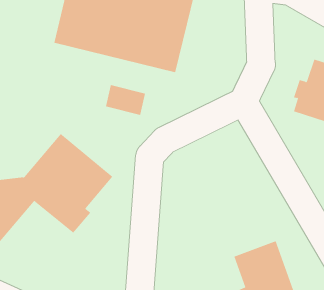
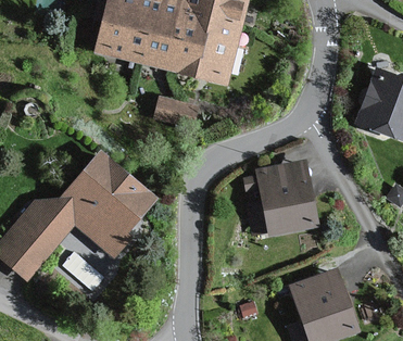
building: none -> [244,161,318,239]

